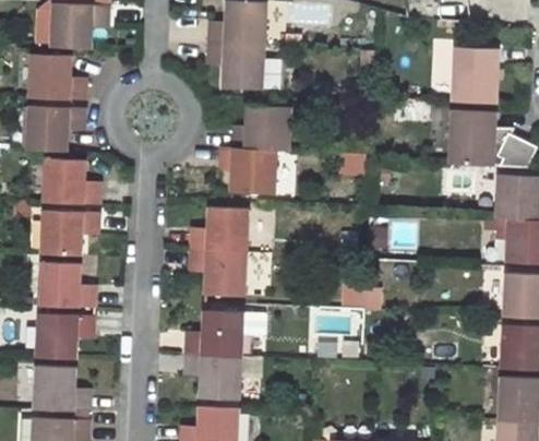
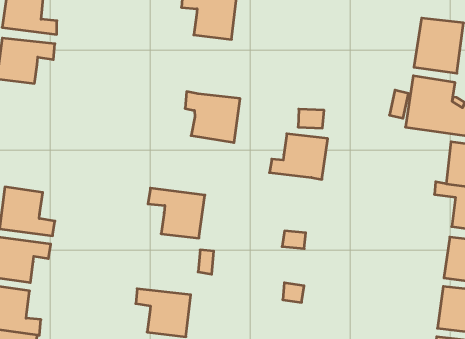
building: [231,107,288,151] -> [269,134,328,179]
building: [45,159,100,204] -> none
building: [191,208,249,252] -> none
building: [43,212,100,255] -> none
building: [187,311,243,356] -> none

